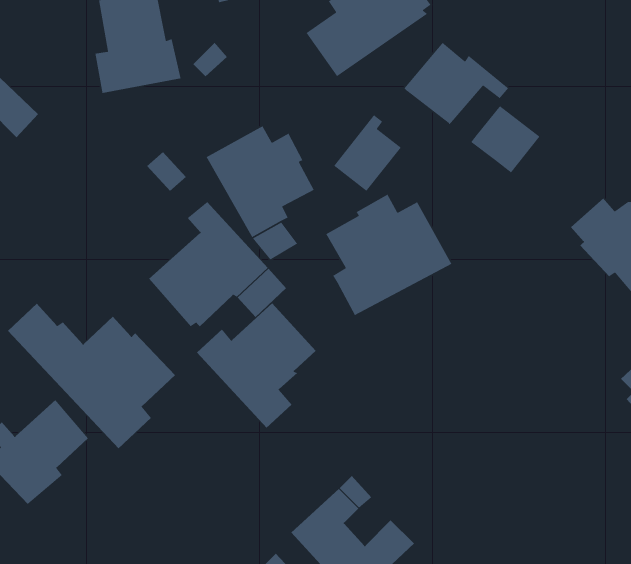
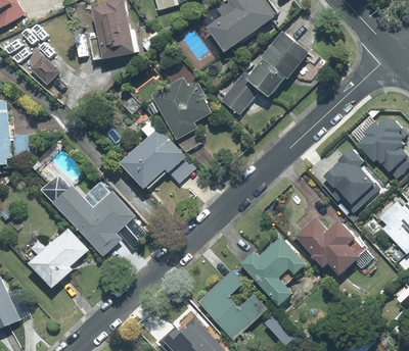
building: [470,105,541,174] -> [245,59,284,97]
building: [325,193,452,316] -> none
building: none -> [322,148,379,212]
building: [196,303,317,429] -> [238,237,305,306]
building: none -> [293,217,372,274]

